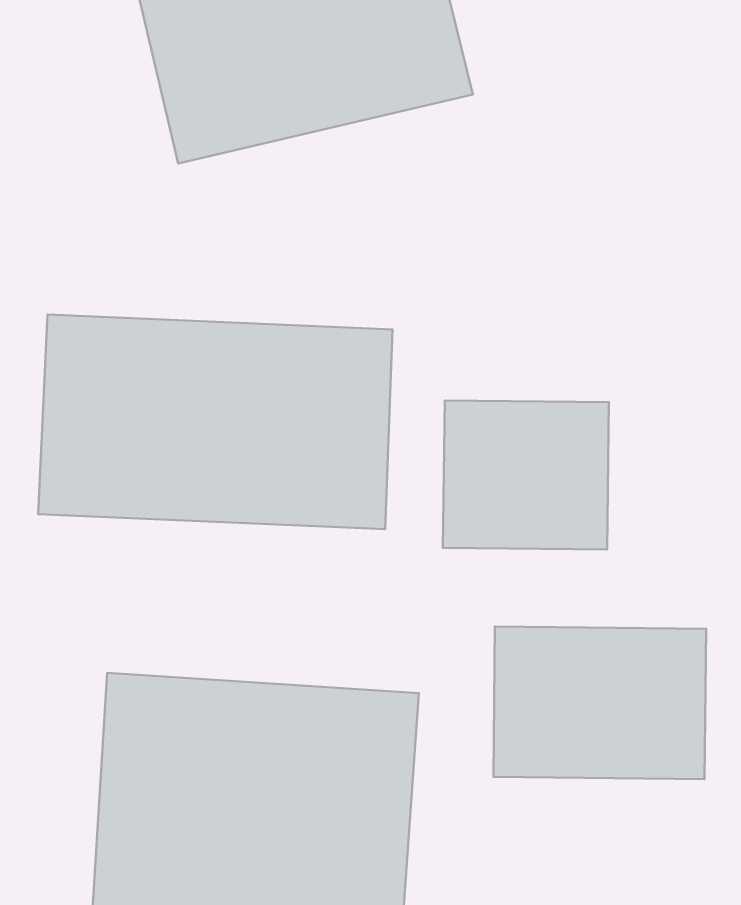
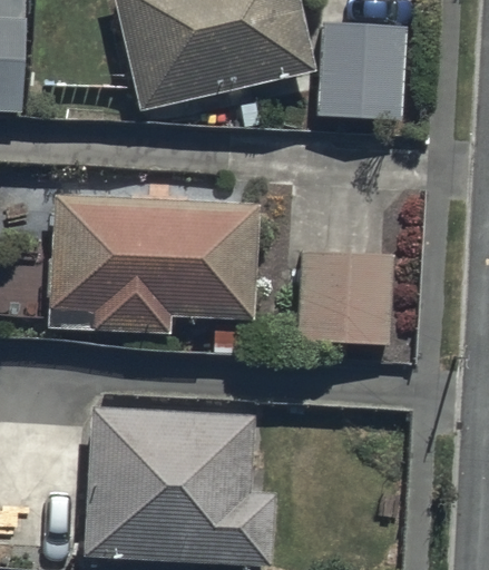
building: none -> [314,17,408,119]
building: [493,626,706,779] -> none

